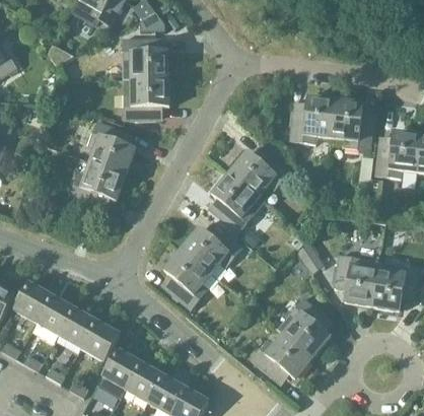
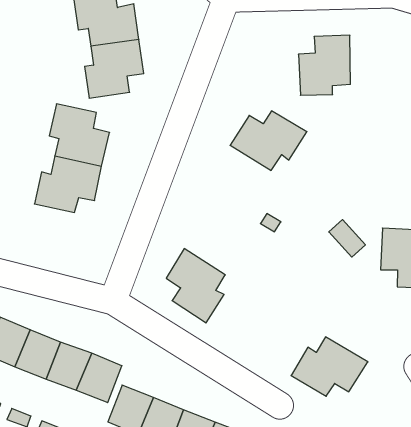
building: [330,98,373,149] -> none
building: [211,171,264,232] -> none
building: [181,225,242,273] -> none
building: [282,296,330,357] -> none

